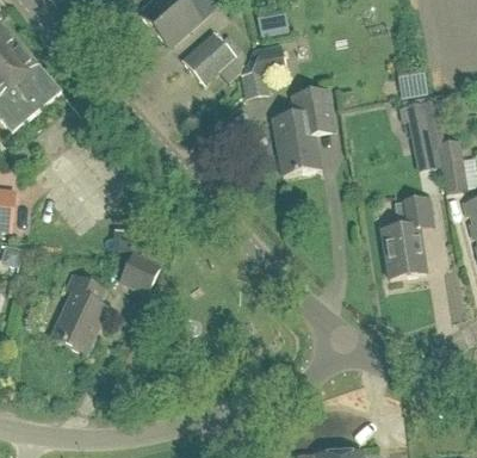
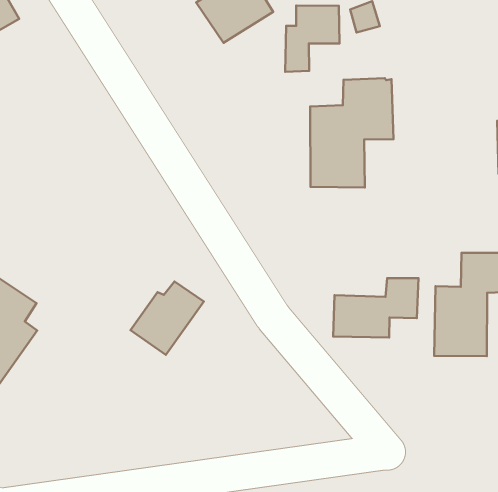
building: none -> [333,278,419,338]
building: [119,242,167,295] -> [131,281,204,355]

